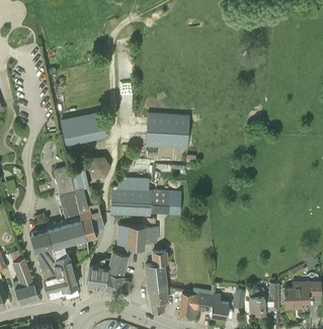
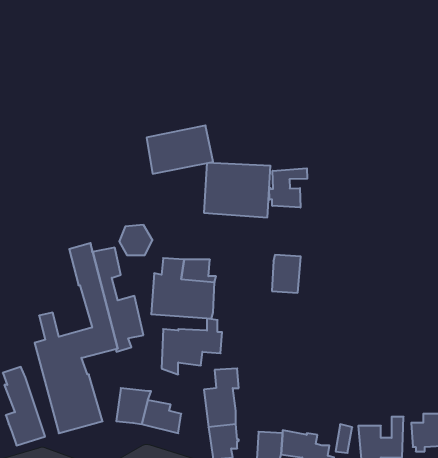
building: [61,110,105,143] -> [147,125,213,174]
building: none -> [269,168,307,208]
building: [151,189,170,215] -> [272,255,301,293]
building: [107,250,128,275] -> none

